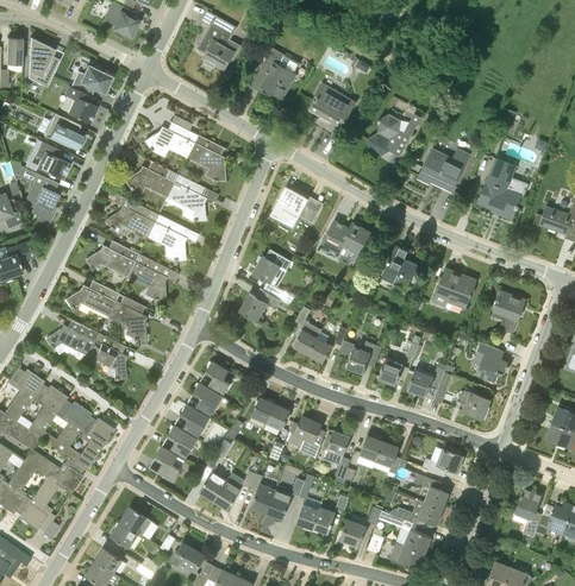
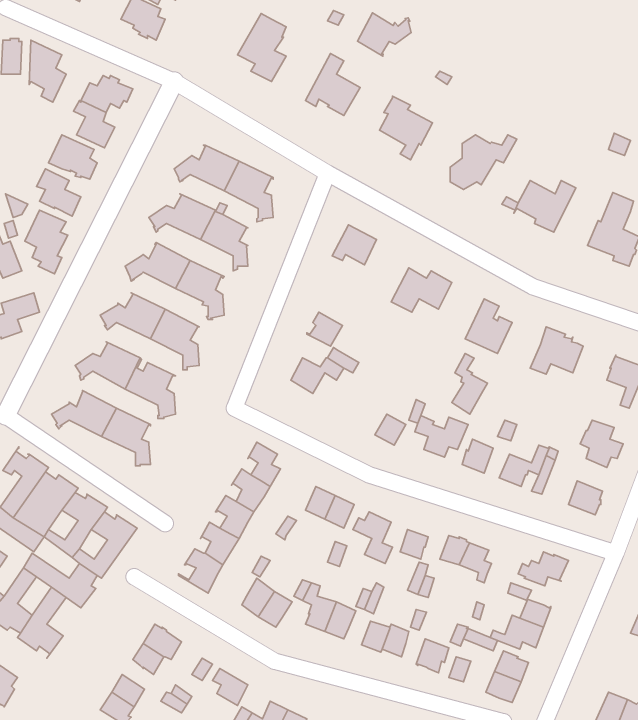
building: none -> [357,13,411,56]
building: [293,305,321,354] -> [452,354,487,414]

